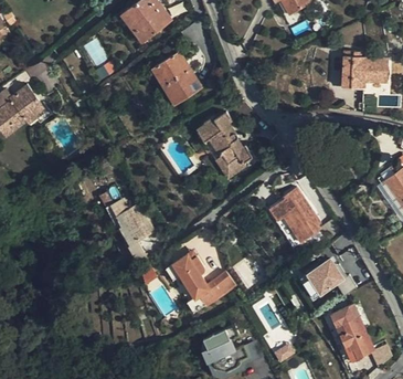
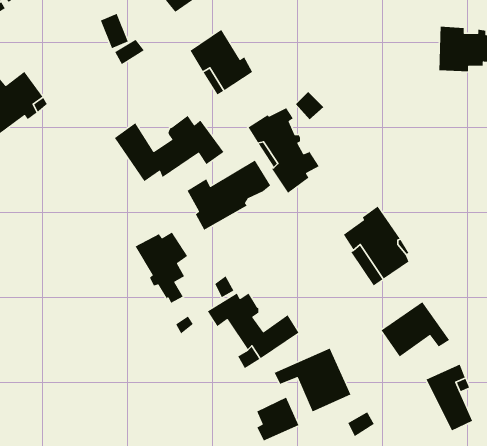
building: none -> [114,115,225,182]
building: none -> [186,160,271,231]
building: none -> [274,348,351,413]

